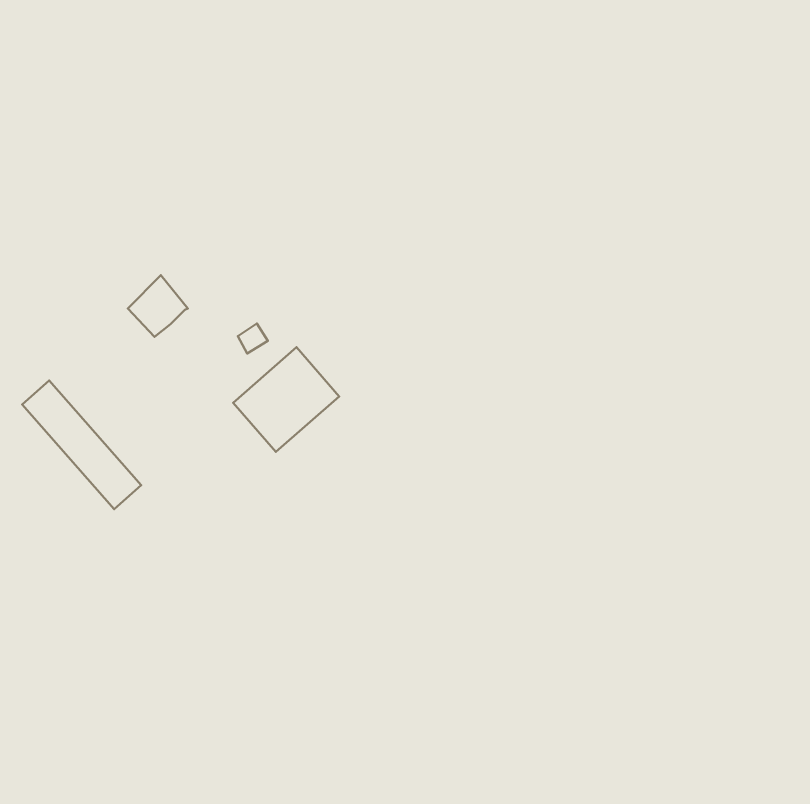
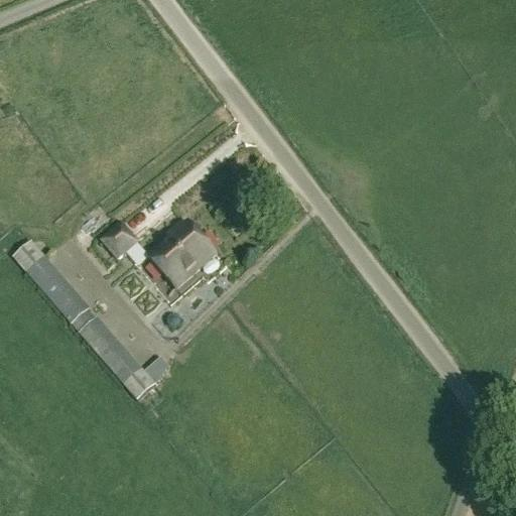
building: [128,275,188,337] -> [101,219,139,258]
building: none -> [81,317,156,400]

